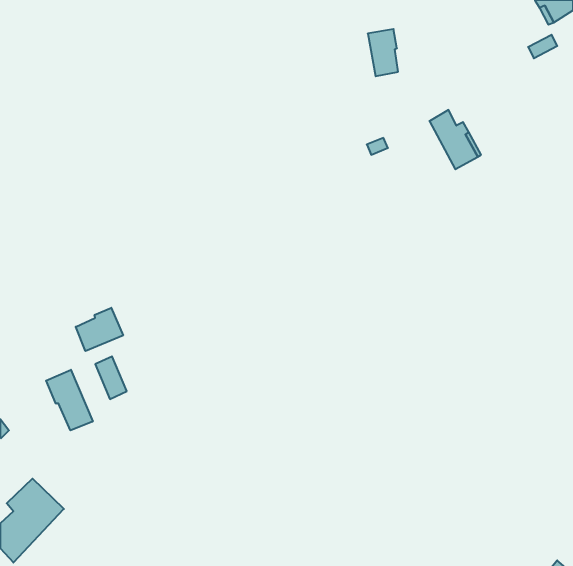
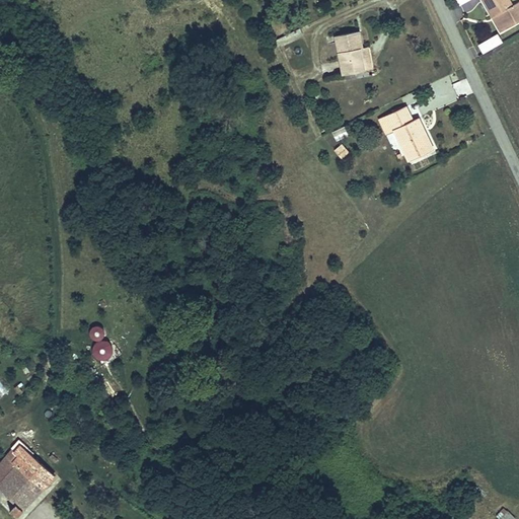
building: [76,308,123,351] -> none
building: [46,370,93,430] -> none

